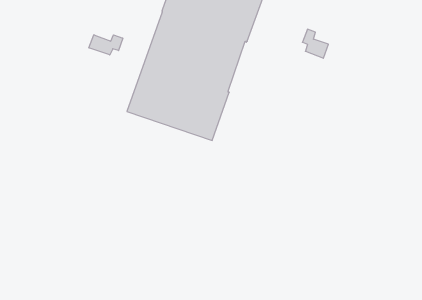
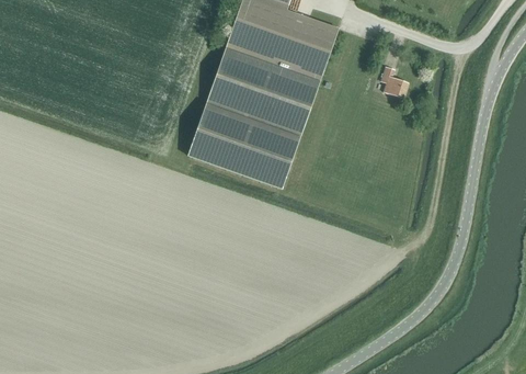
building: [89,35,123,55] -> none

